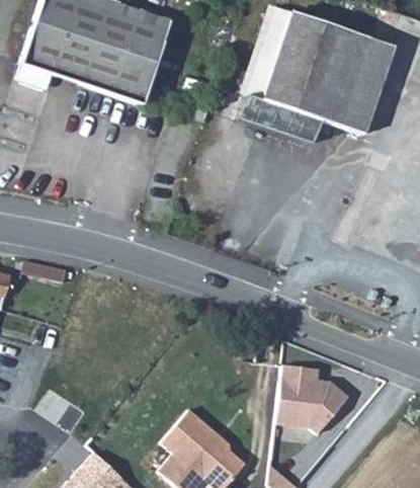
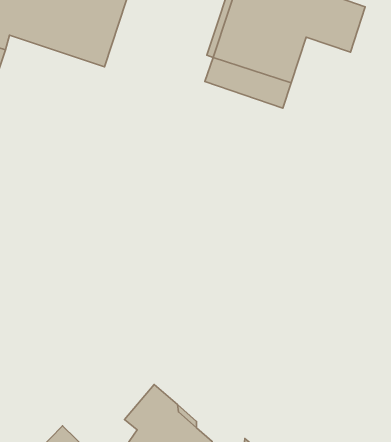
building: [322,76,379,135] -> none
building: [285,360,357,432] -> none

